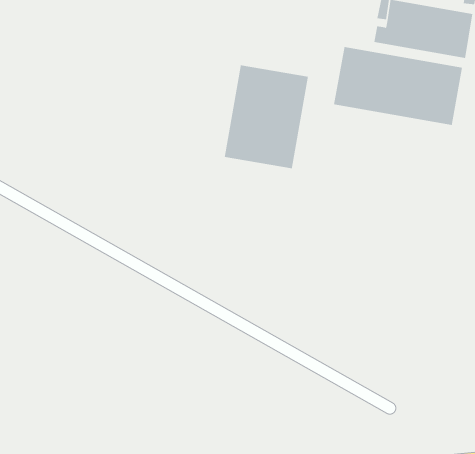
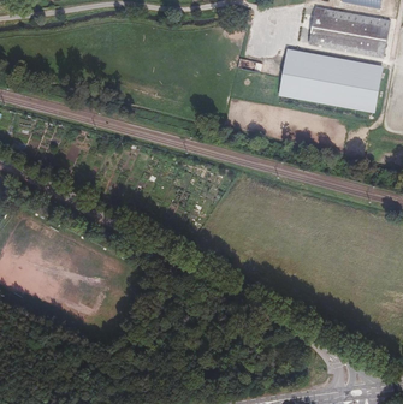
building: [224,64,308,169] -> none

